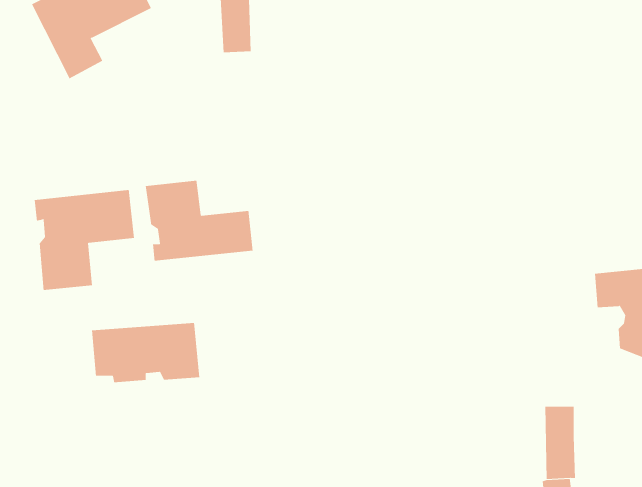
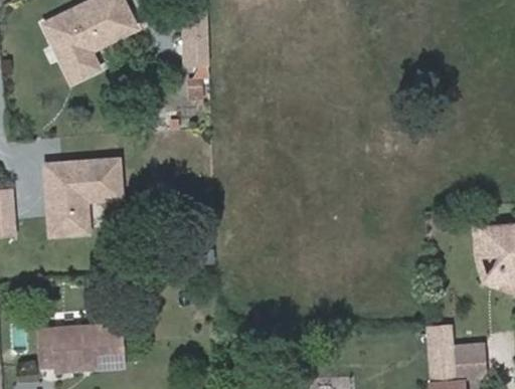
building: [145,180,253,262] -> none
building: [91,322,200,383] -> [42,327,126,373]
building: none -> [457,345,483,378]

